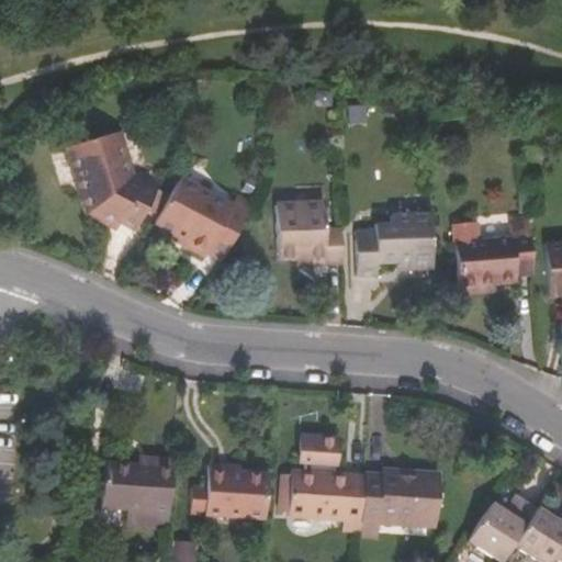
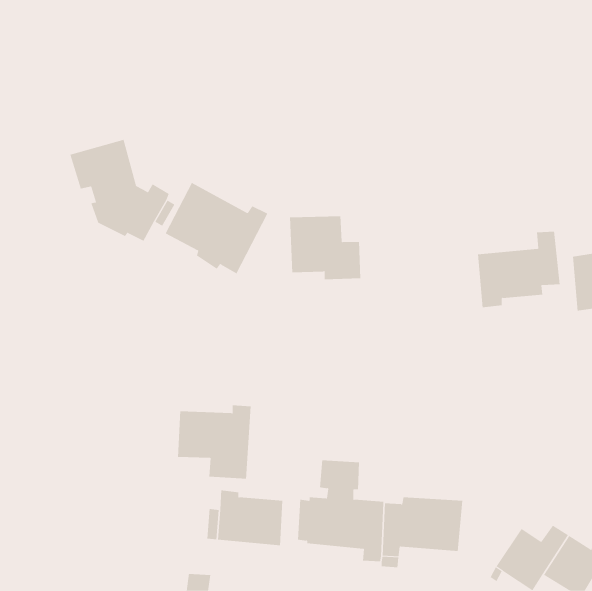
building: [361,215,435,277] -> none
building: [103,458,173,528] -> [177,405,252,479]

